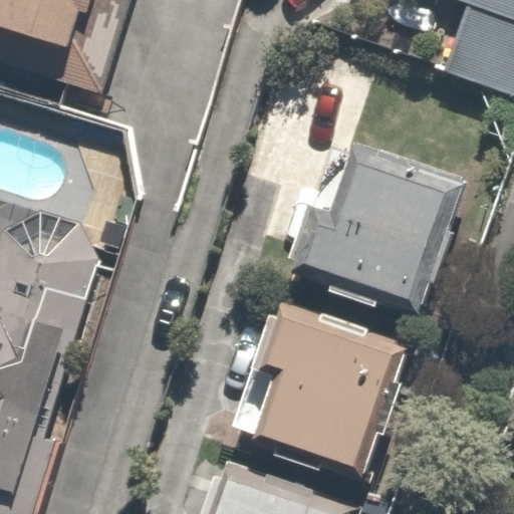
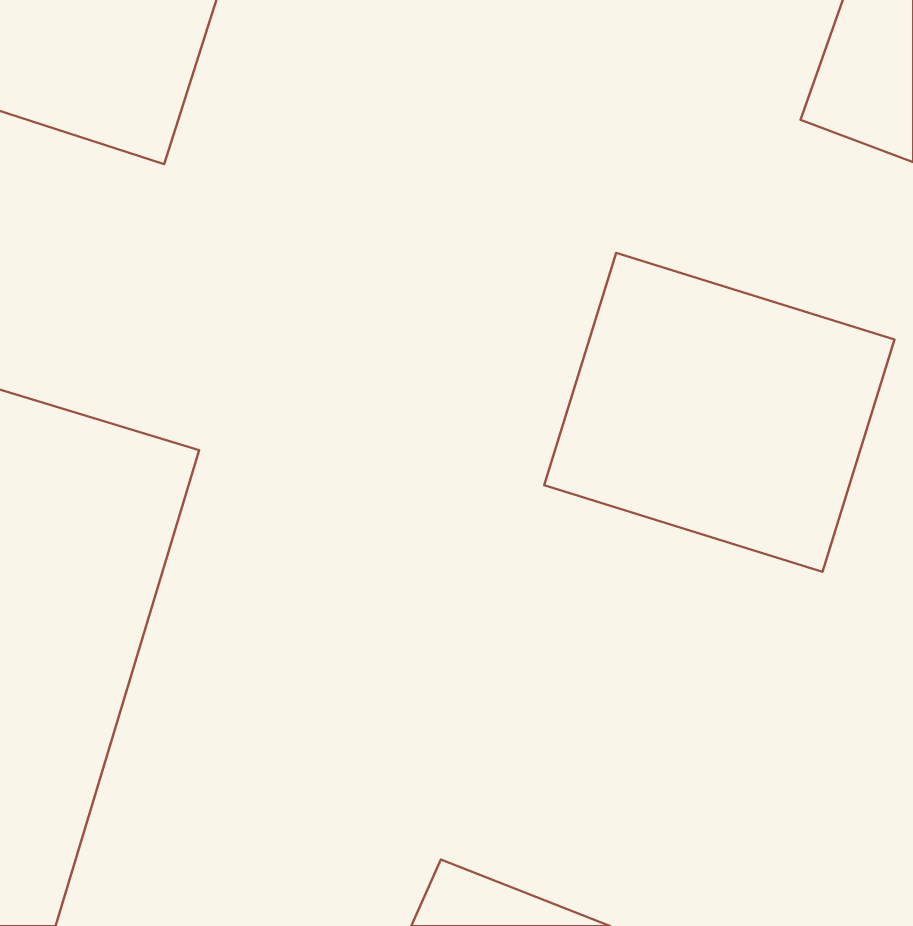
building: [260,301,431,483] -> none

